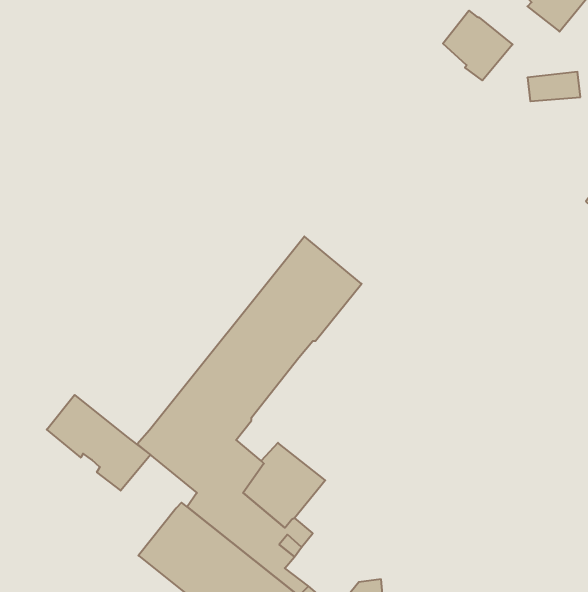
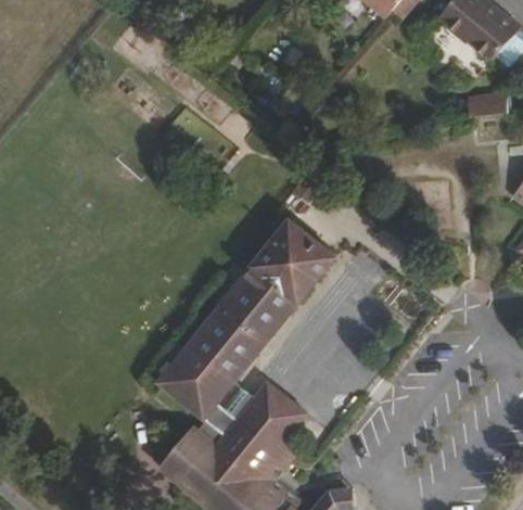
building: [443,11,513,80] -> none
building: [47,395,150,491] -> none

